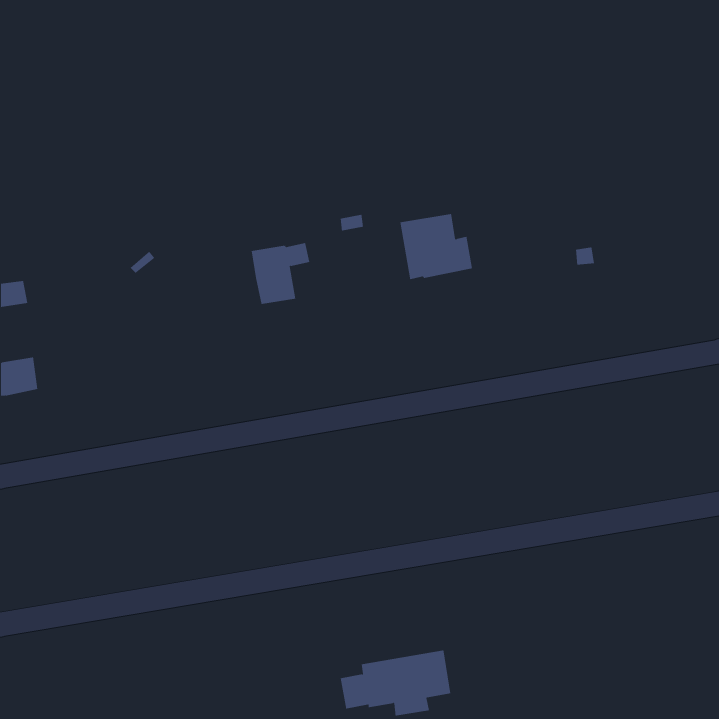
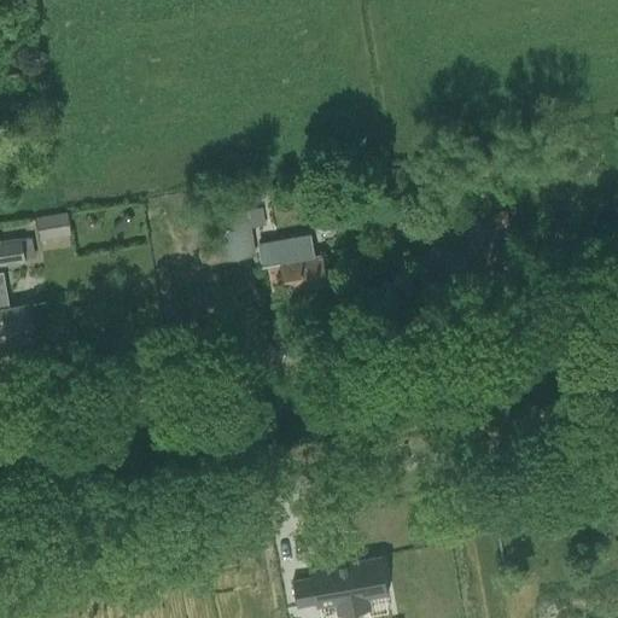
building: [400,214,473,280] -> [266,237,328,293]
building: none -> [37,214,71,241]

